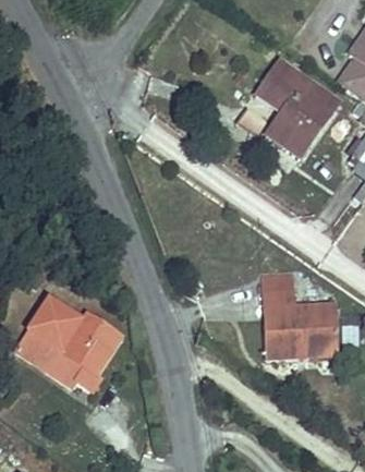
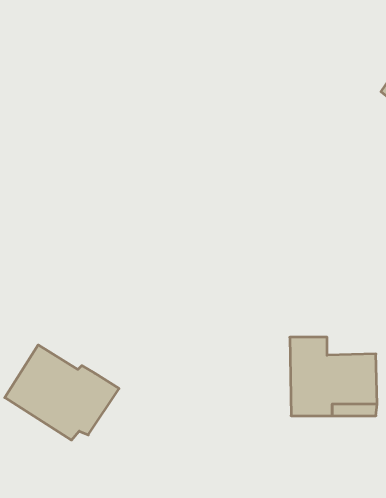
building: [258,60,331,149] -> none

